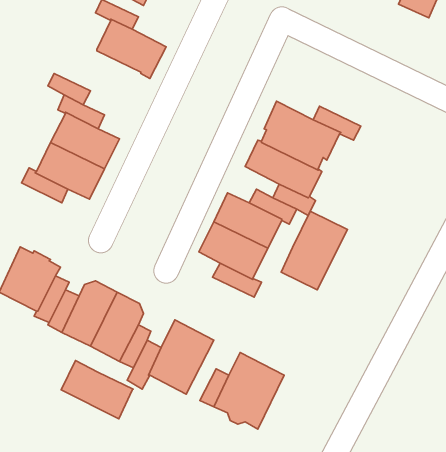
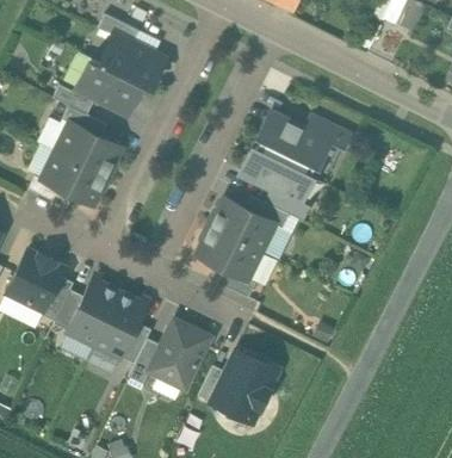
building: none -> [76,57,142,113]
building: [281,211,347,290] -> none
building: [61,360,133,419] -> none

